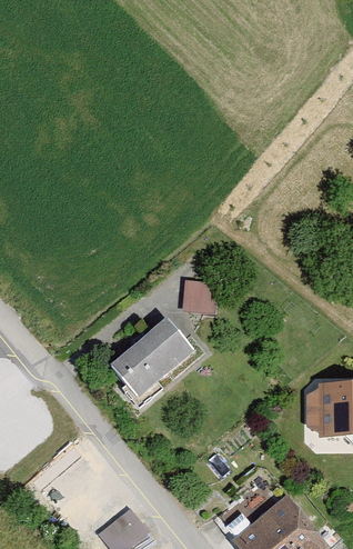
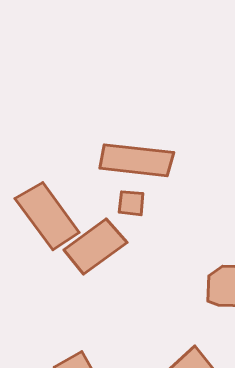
building: none -> [100,145,174,176]
building: none -> [15,183,79,250]

